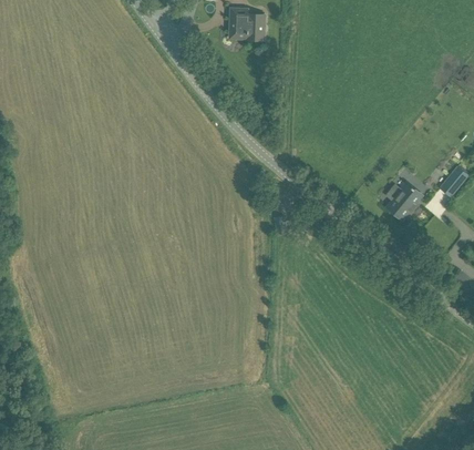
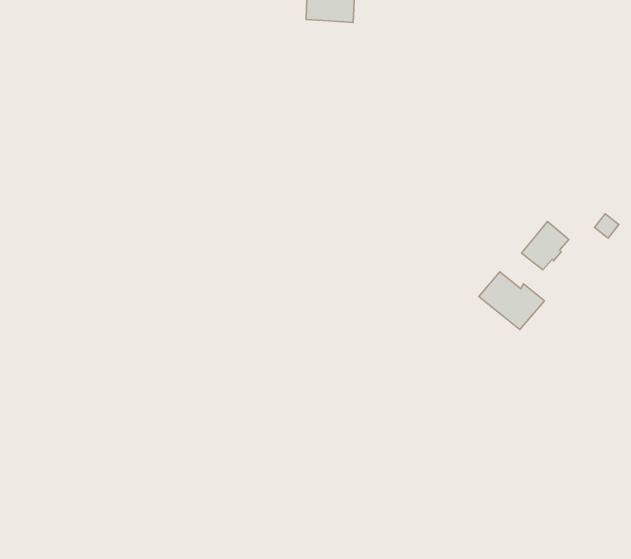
building: none -> [479,272,544,329]

